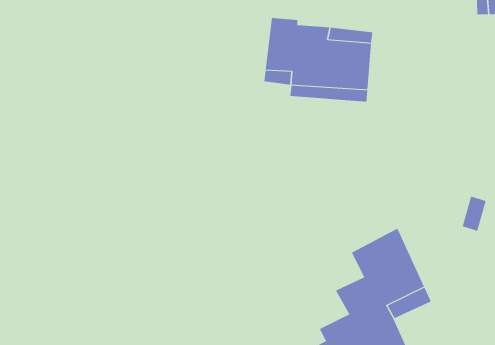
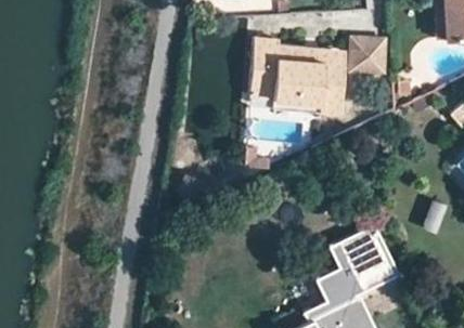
building: none -> [353,42,387,76]

